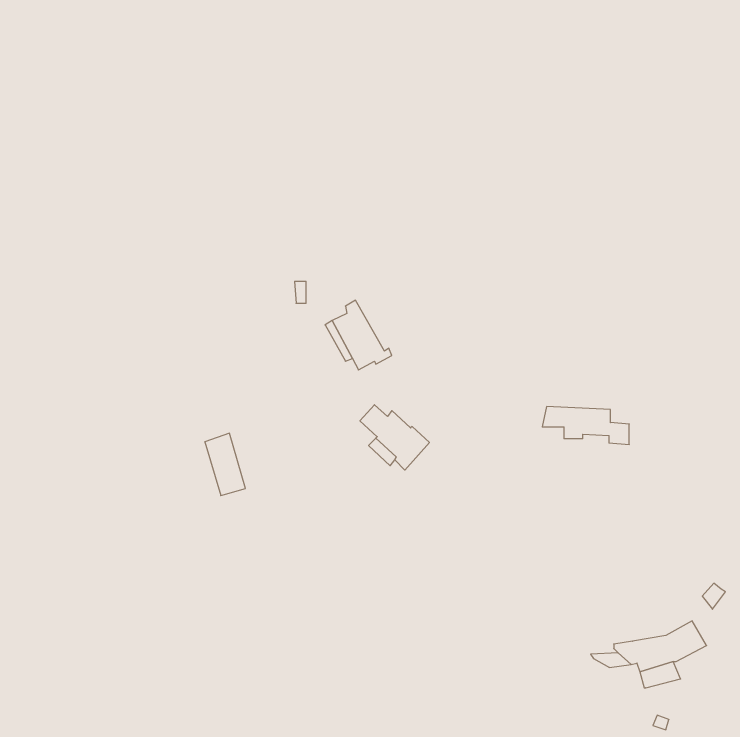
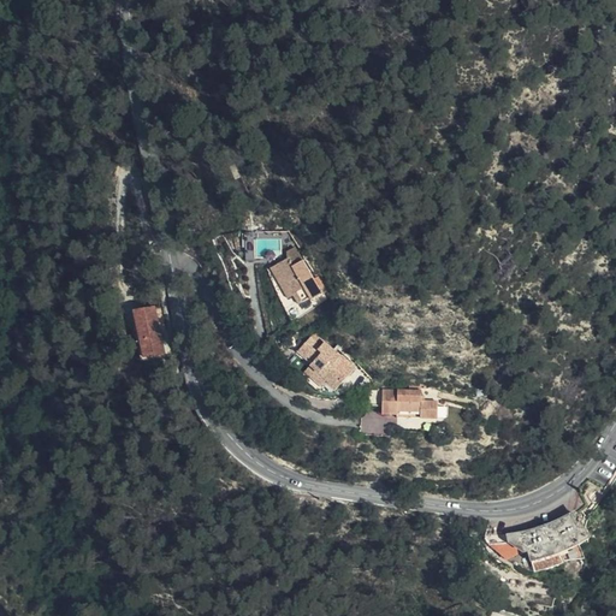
building: [542,407,629,444] -> [365,387,437,419]
building: [205,433,245,496] -> [124,309,158,361]

